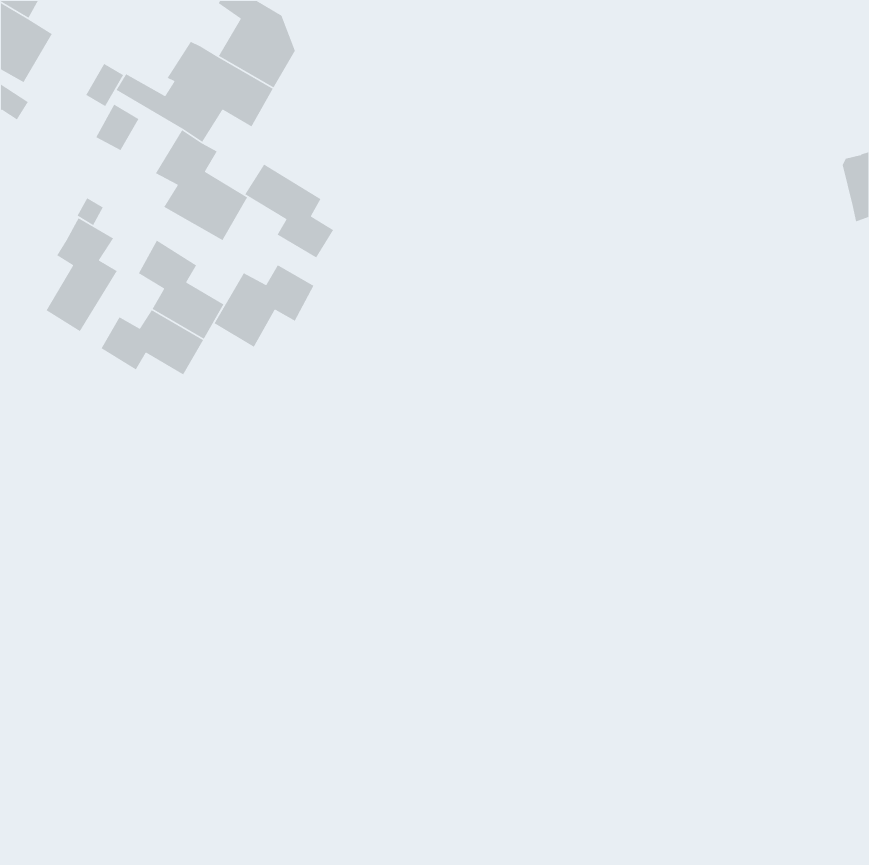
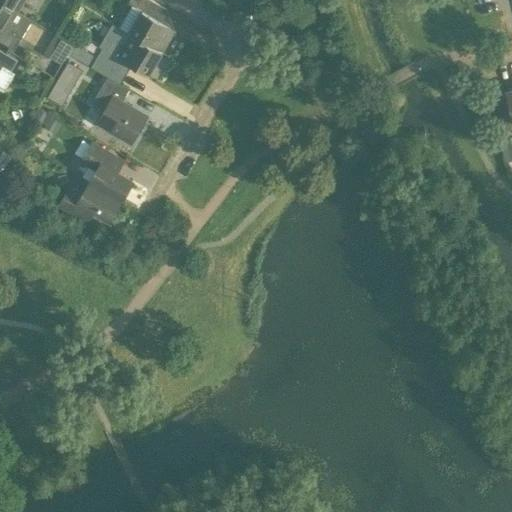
building: [244,163,334,258] -> none
building: [46,217,118,332] -> none
building: [213,264,315,348] -> none

